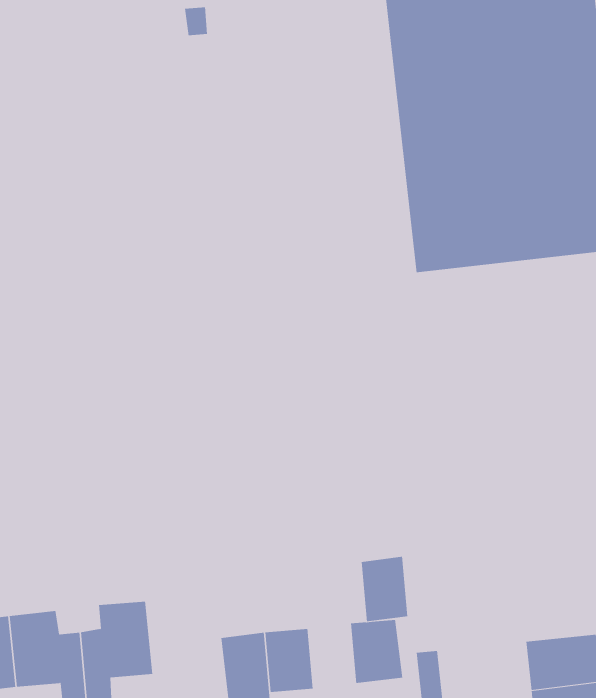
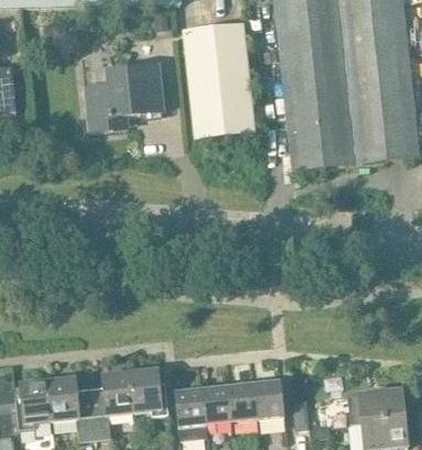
building: none -> [182,25,256,141]
building: none -> [86,65,164,130]
building: [361,556,408,622] -> [229,382,257,421]
building: none -> [131,365,169,414]

